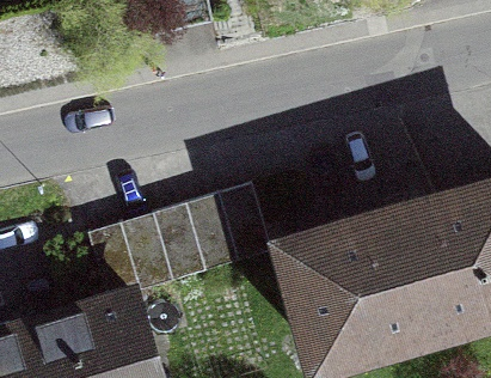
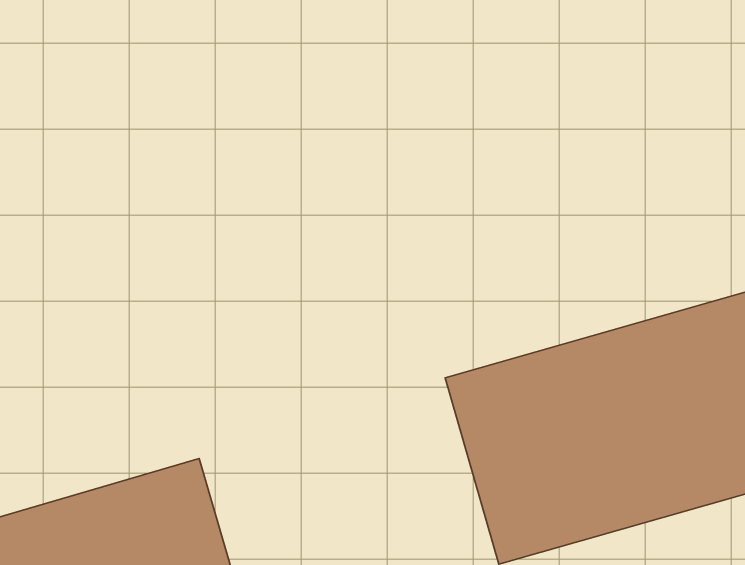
building: [88,183,271,298] -> none

